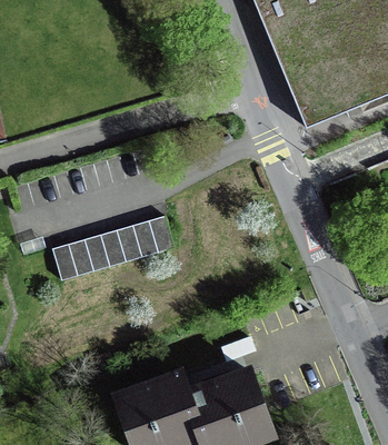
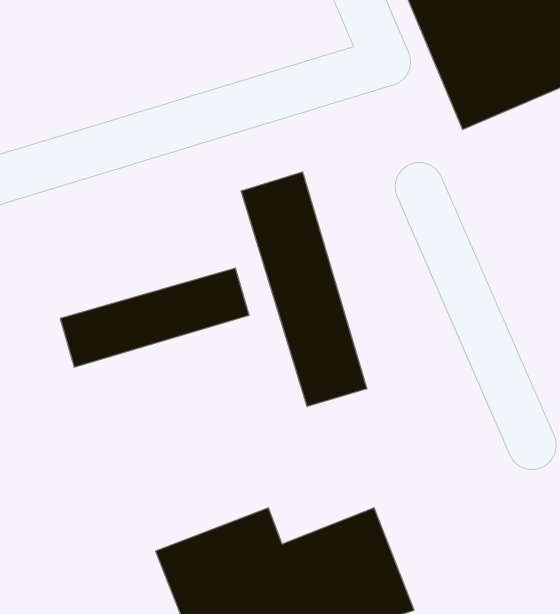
building: none -> [241,172,367,407]

